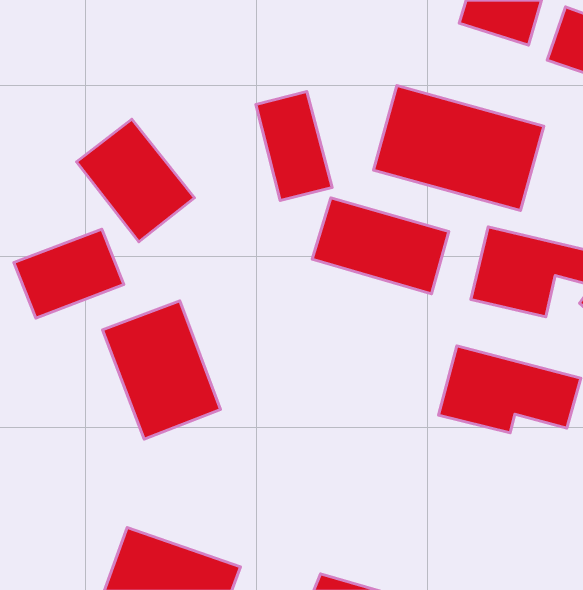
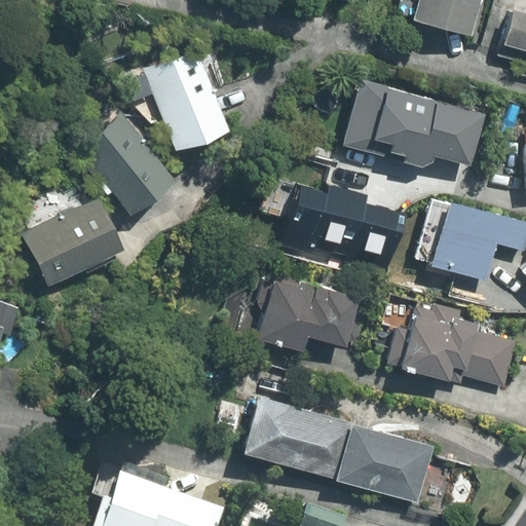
building: [256,92,332,200] -> [153,57,221,153]
building: [102,301,220,439] -> none
building: none -> [250,270,361,356]
building: none -> [236,392,437,499]

